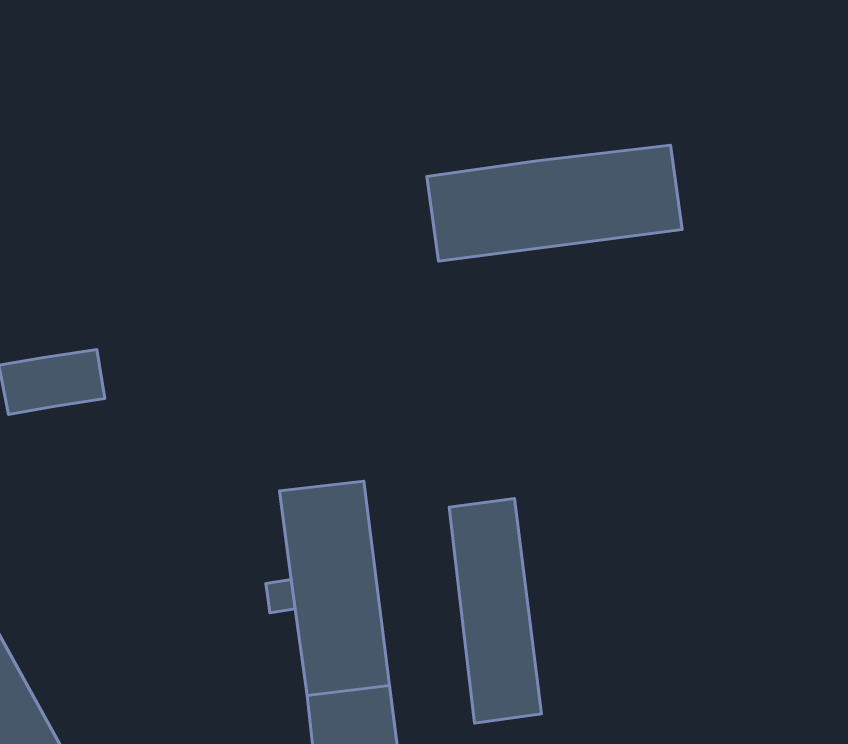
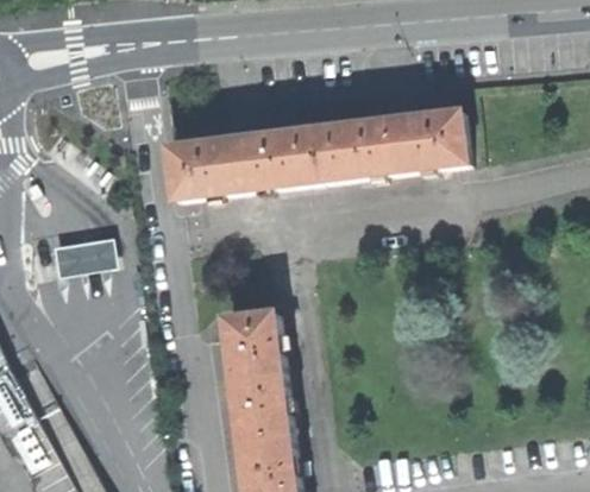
building: none -> [161,131,315,201]
building: [449,498,542,723] -> none

